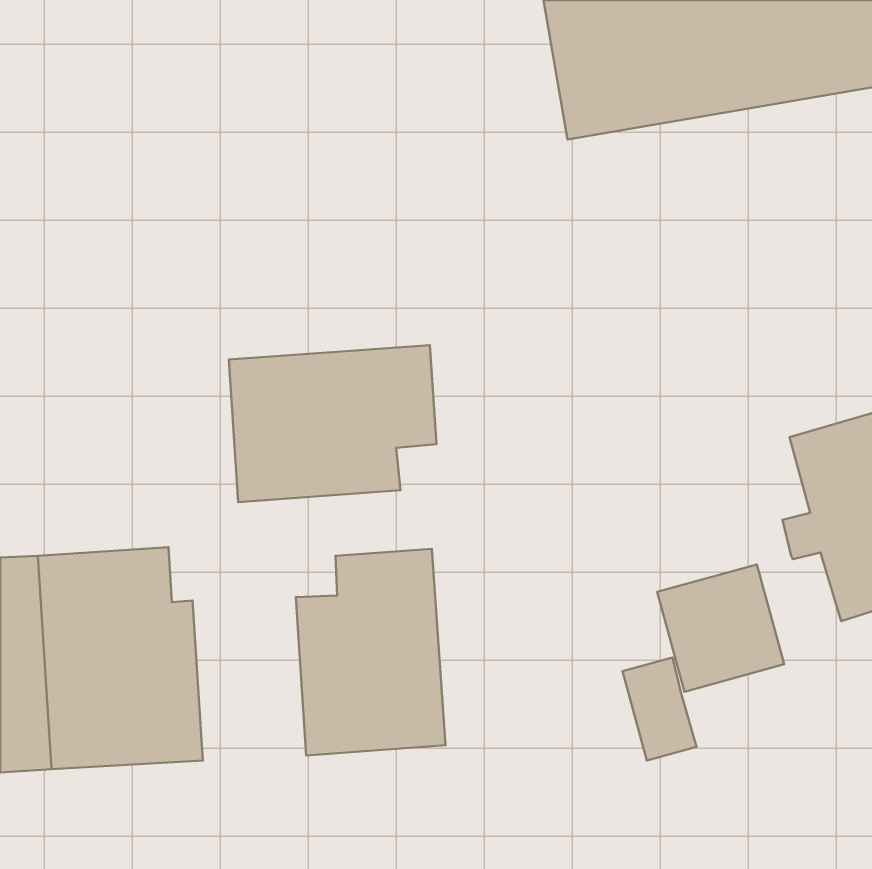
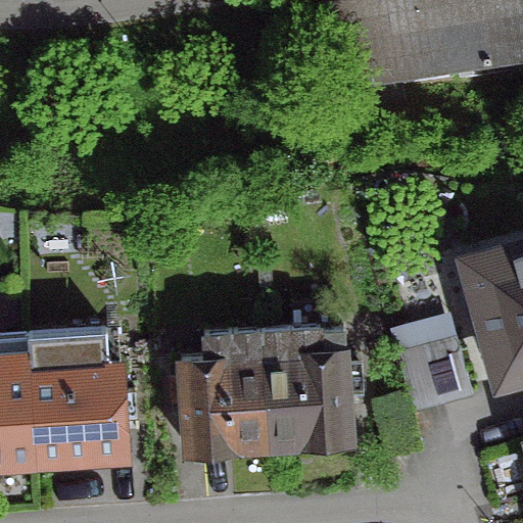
building: [229,345,437,502] -> none
building: none -> [260,328,350,448]

